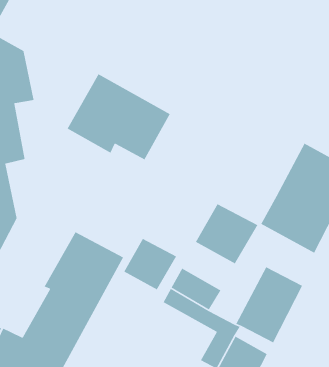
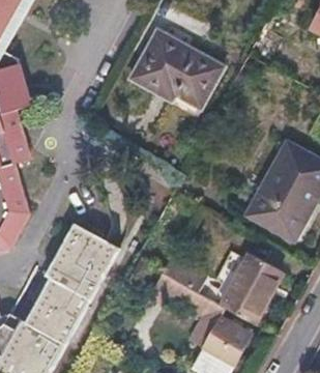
building: [67,73,171,161] -> [129,31,225,111]
building: [195,203,259,265] -> none
building: [123,238,177,290] -> none

